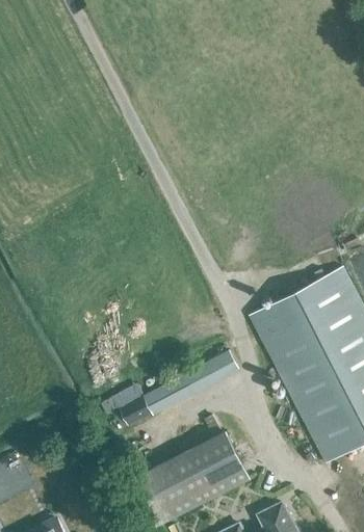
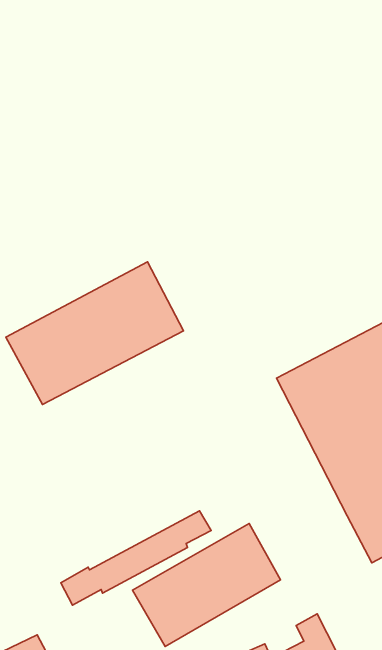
building: none -> [6,262,183,405]
building: [120,350,239,425] -> [61,511,211,605]

